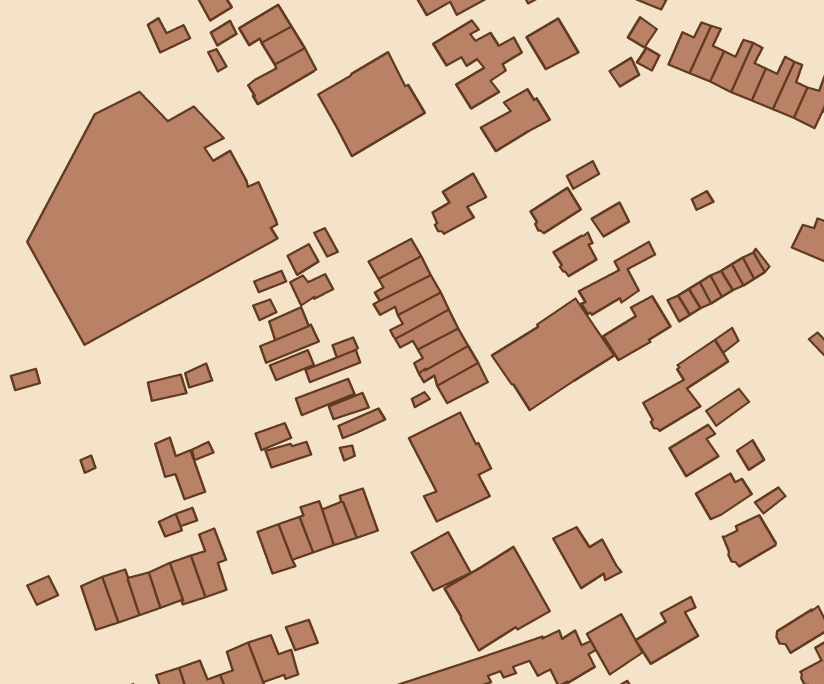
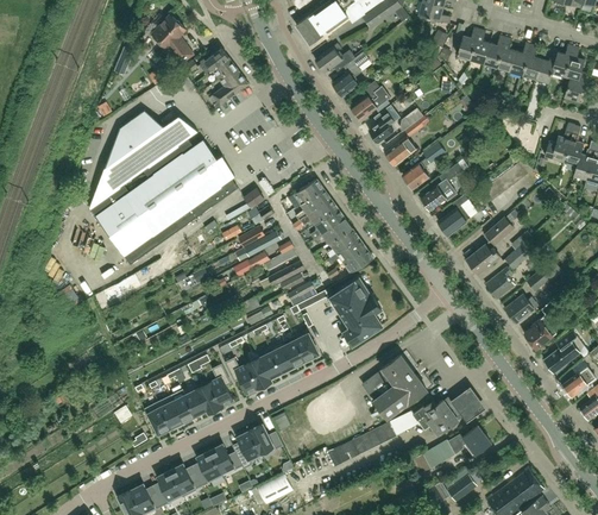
building: [526,19,579,69] -> none
building: [318,52,425,156] -> none
building: [432,174,486,234] -> [370,105,401,143]
building: [492,298,614,410] -> none
building: [155,438,205,499] -> [226,358,259,394]
building: [553,527,621,588] -> none
building: [411,532,471,591] -> none
building: [636,597,698,664] -> [543,331,580,373]

